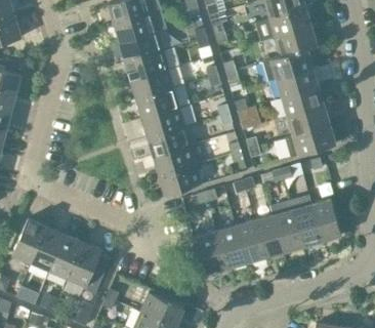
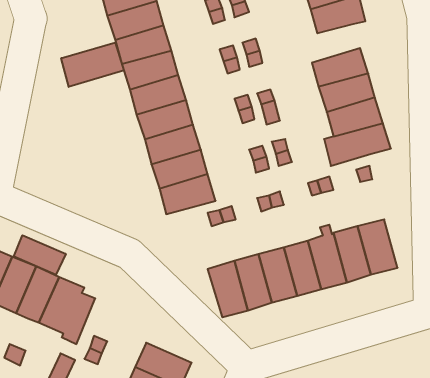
building: [262,49,312,81] -> none
building: none -> [61,43,124,87]
building: none -> [14,235,66,275]

